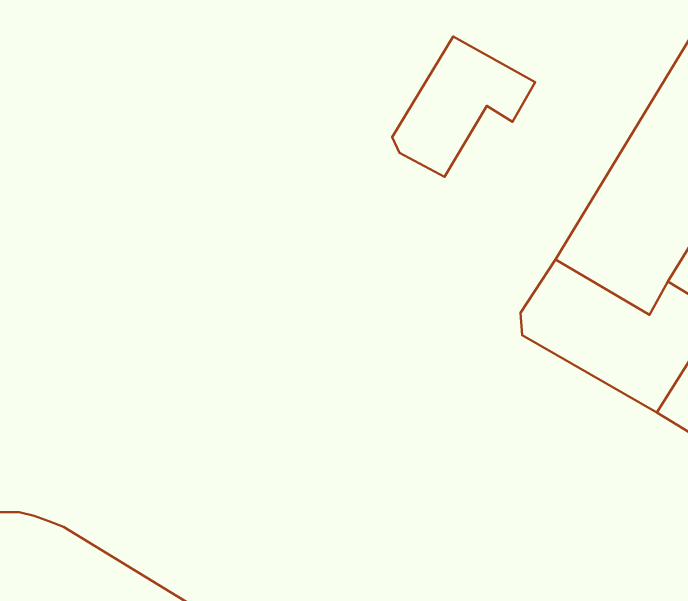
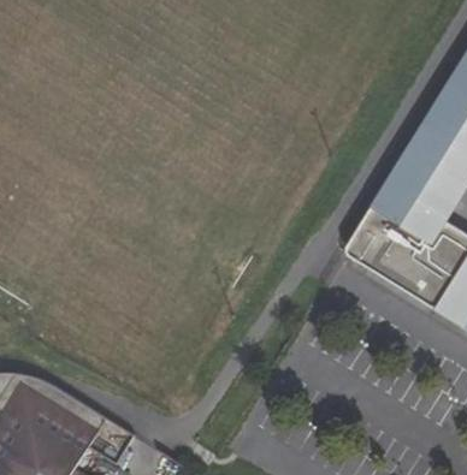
building: [392,37,535,177] -> none

